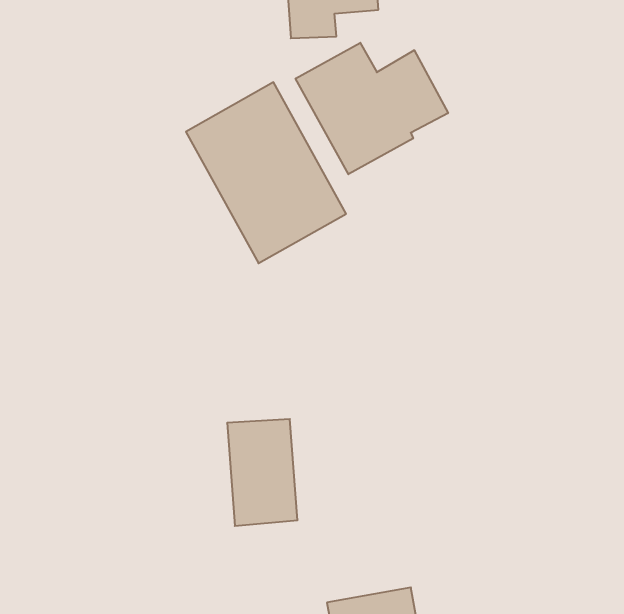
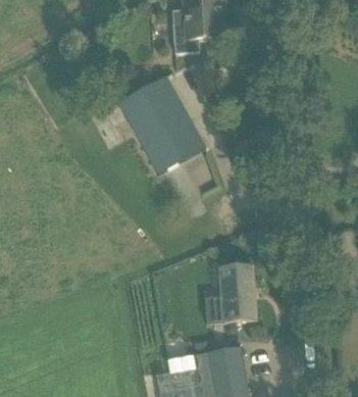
building: [296,43,448,174] -> none
building: [227,419,298,526] -> [218,264,256,321]

